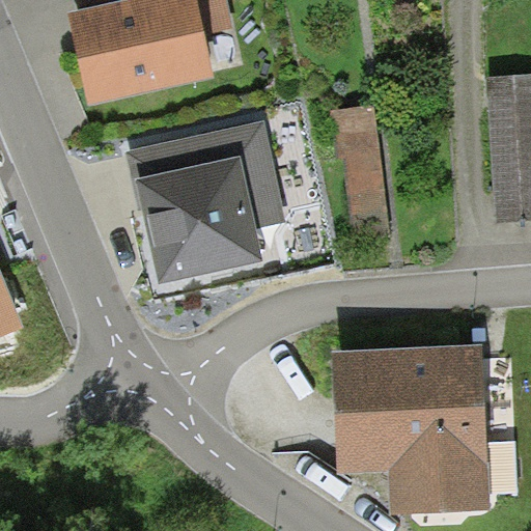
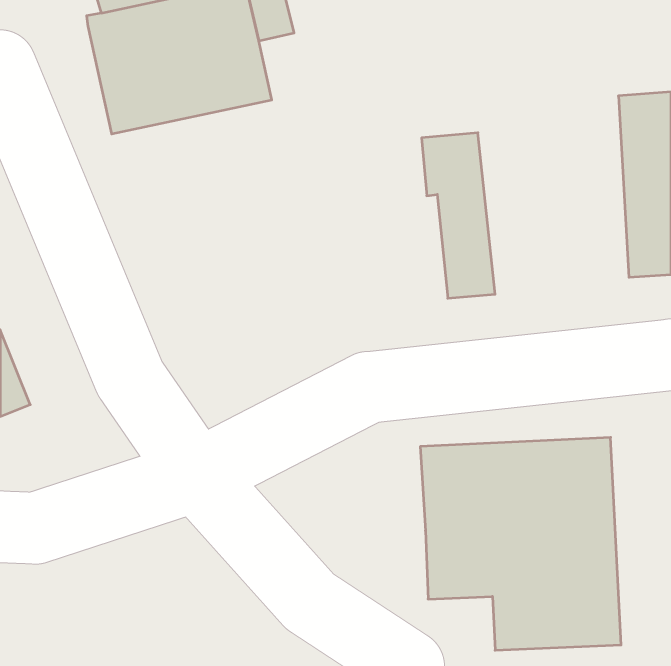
building: [127,118,286,285] -> none

